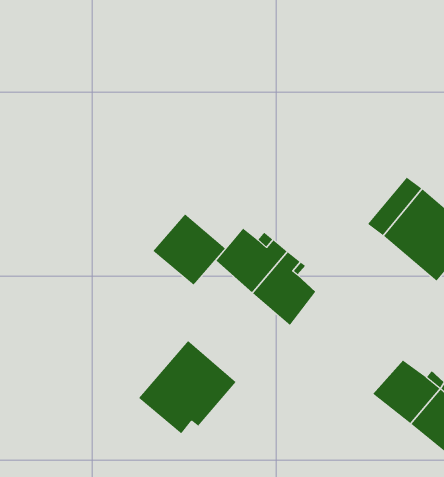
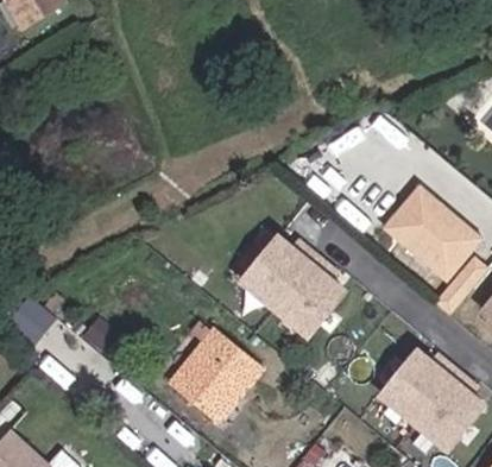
building: [153,214,226,286] -> none

